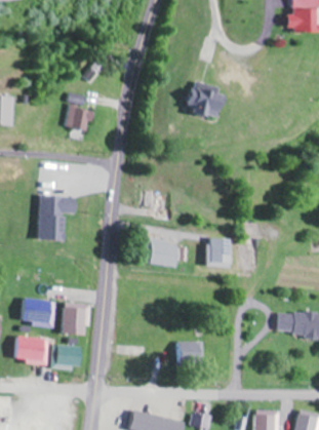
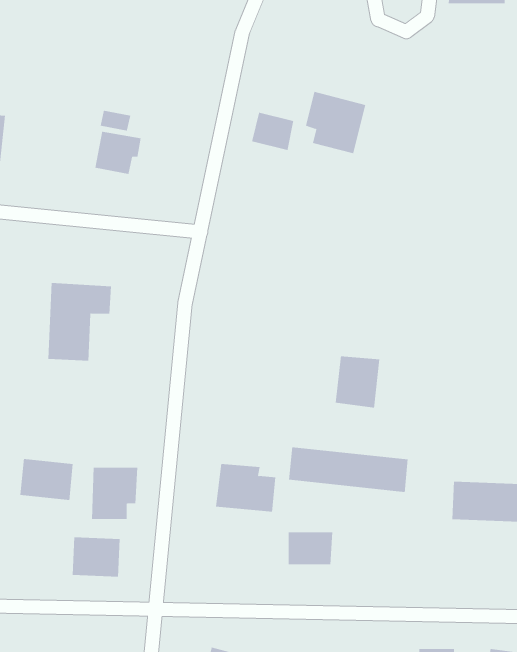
building: none -> [251,112,294,151]
building: [145,238,181,267] -> [215,463,276,512]
building: none -> [288,446,408,493]
building: [13,336,49,365] -> none

